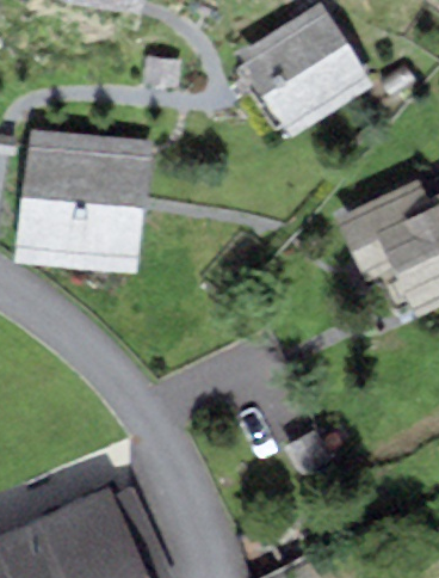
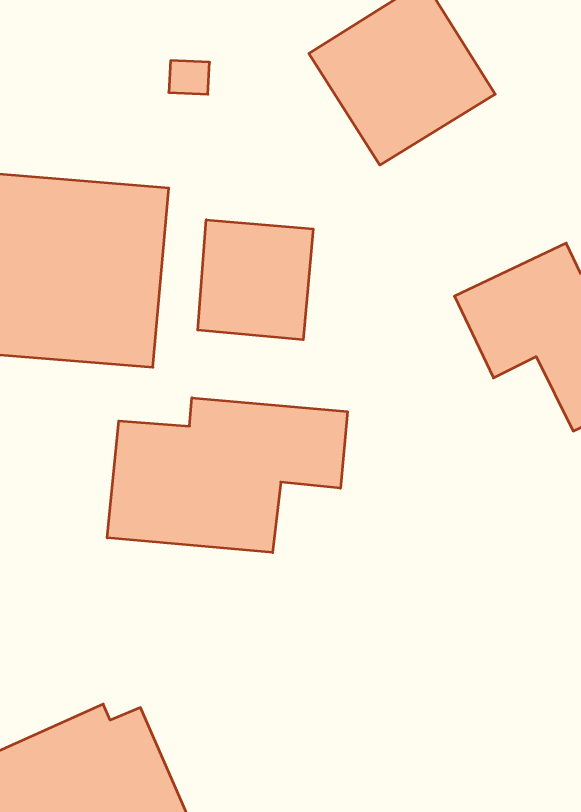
building: none -> [198,220,313,340]
building: none -> [107,398,347,553]

